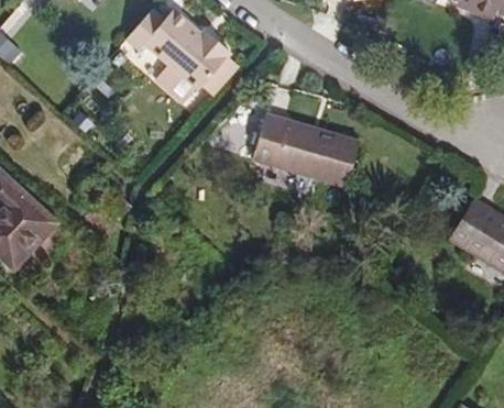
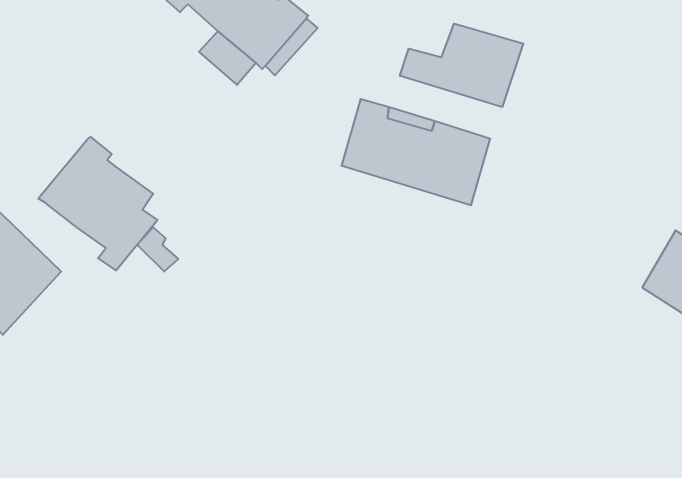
building: none -> [400,24,523,107]
building: none -> [38,137,157,270]

